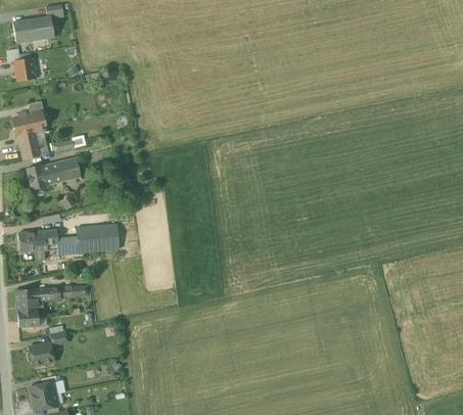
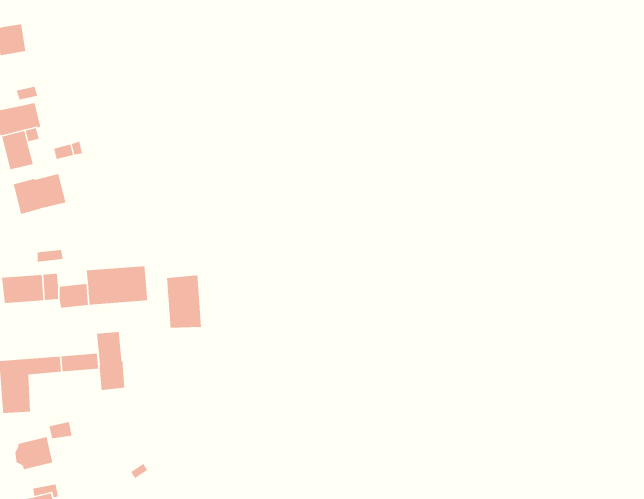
building: [58,156,81,181] -> none
building: none -> [166,274,202,329]
building: none -> [96,331,125,391]

